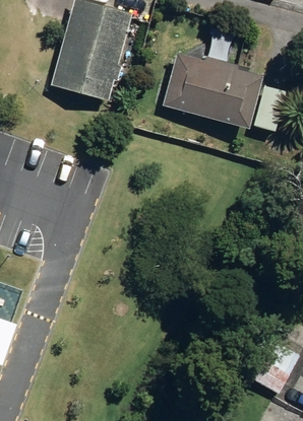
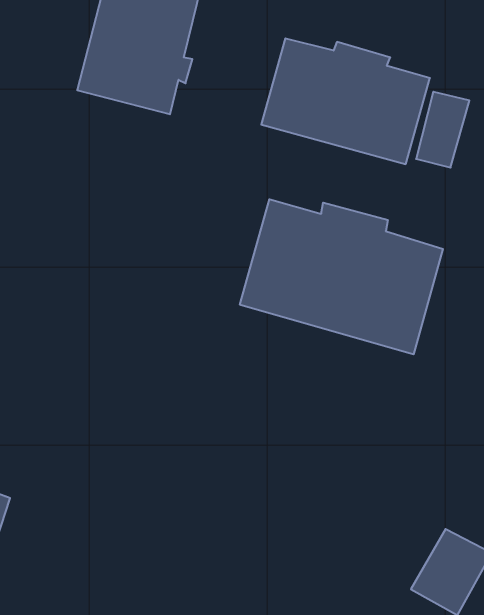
building: none -> [240,199,443,354]

